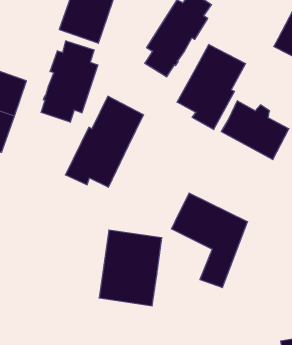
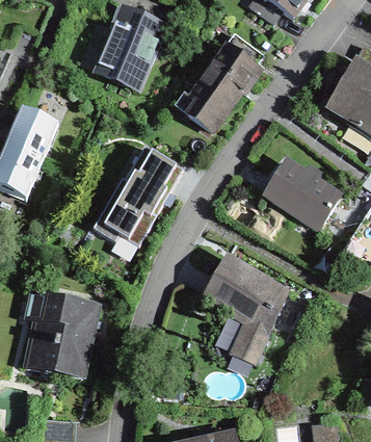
building: [41,41,98,122] -> none
building: [177,44,246,130] -> none
building: [99,230,162,306] -> [25,293,98,379]

